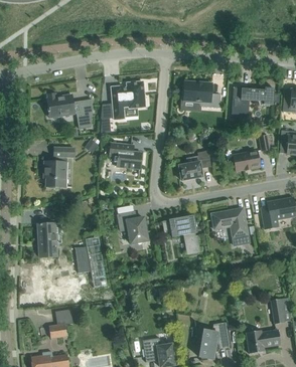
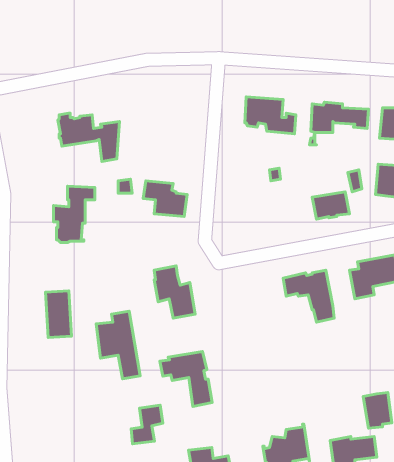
building: [111,82,148,120] -> none
building: [177,151,210,180] -> none
building: [162,215,200,255] -> [160,352,212,407]
building: [49,310,72,338] -> [131,405,163,444]

